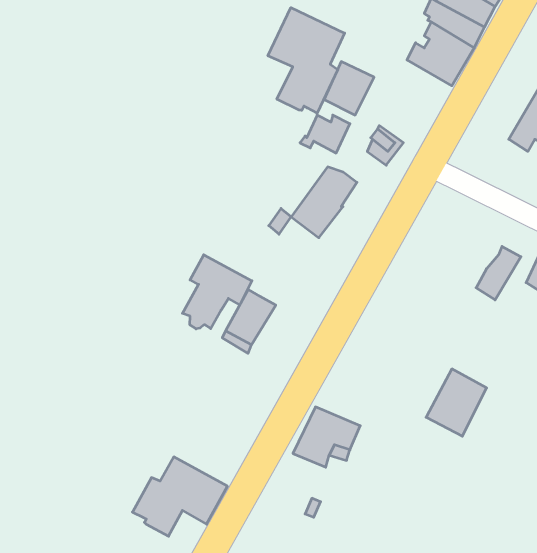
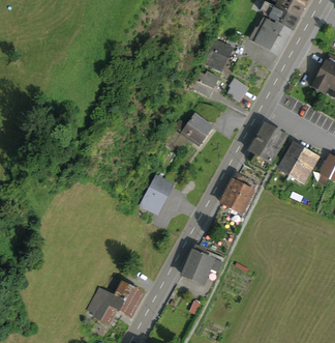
building: [268,8,345,113] -> none
building: none -> [249,124,284,169]
building: none -> [279,143,307,175]
building: [182,255,252,329] -> none
building: [426,369,487,436] -> [220,173,256,213]

